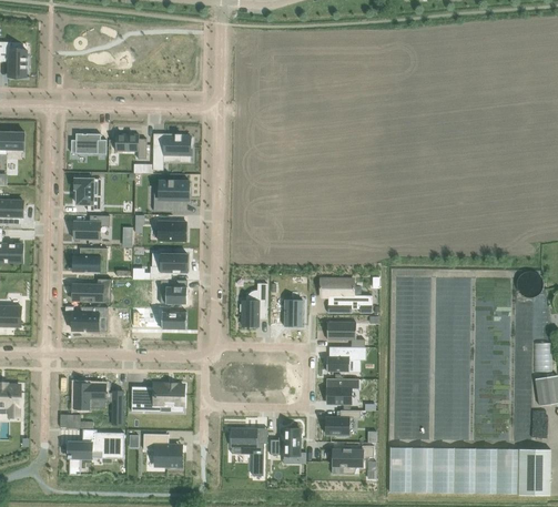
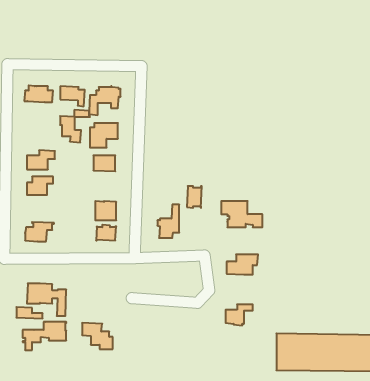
building: [74,178,101,211] -> [60,116,81,142]
building: [150,251,187,280] -> none
building: [72,277,111,302] -> none
building: [283,298,302,326] -> [187,186,202,208]
building: [326,321,364,346] -> none
building: [326,377,358,403] -> none
building: [131,384,183,410] -> none
building: [270,427,305,463] -> none
building: [231,428,263,475] -> none
building: [332,445,374,473] -> none

